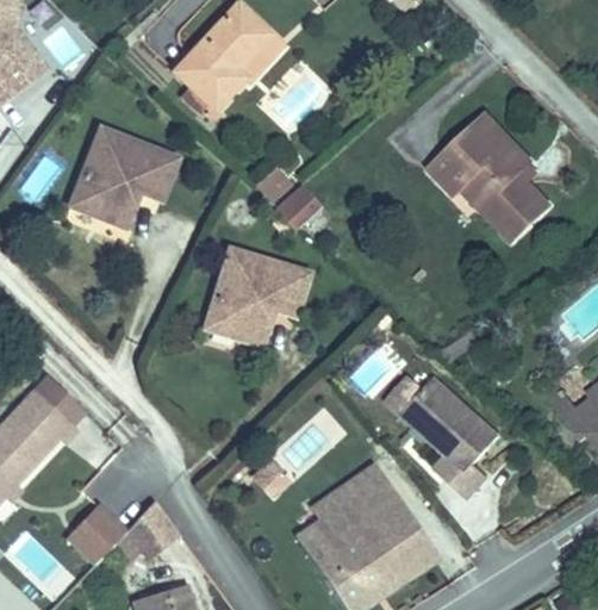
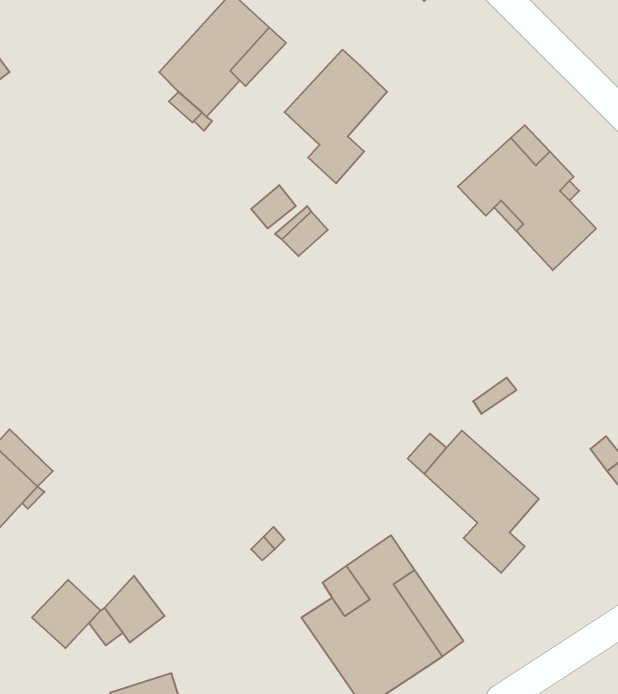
building: none -> [285,50,387,183]
building: [70,127,176,225] -> none
building: [206,248,309,344] -> none

